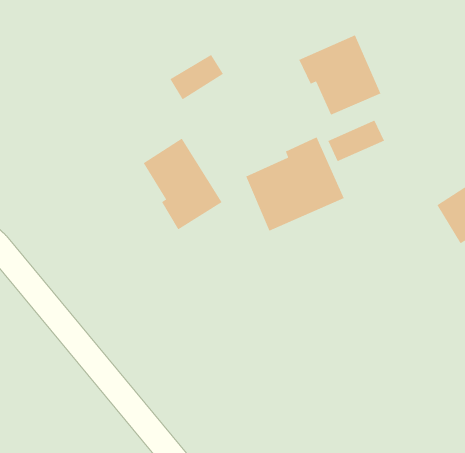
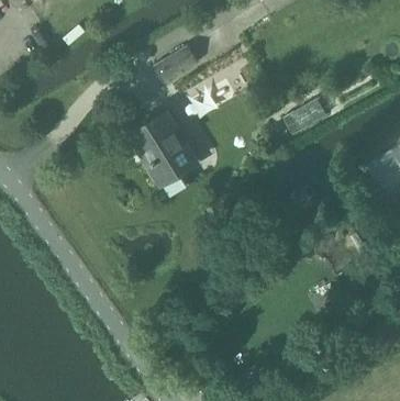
building: [299,34,381,115] -> none
building: [245,136,344,231] -> none

